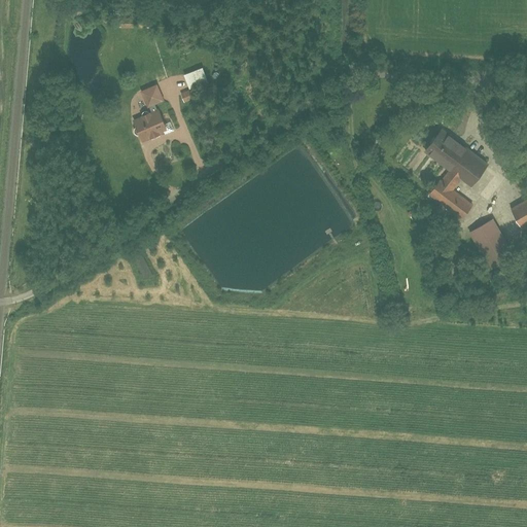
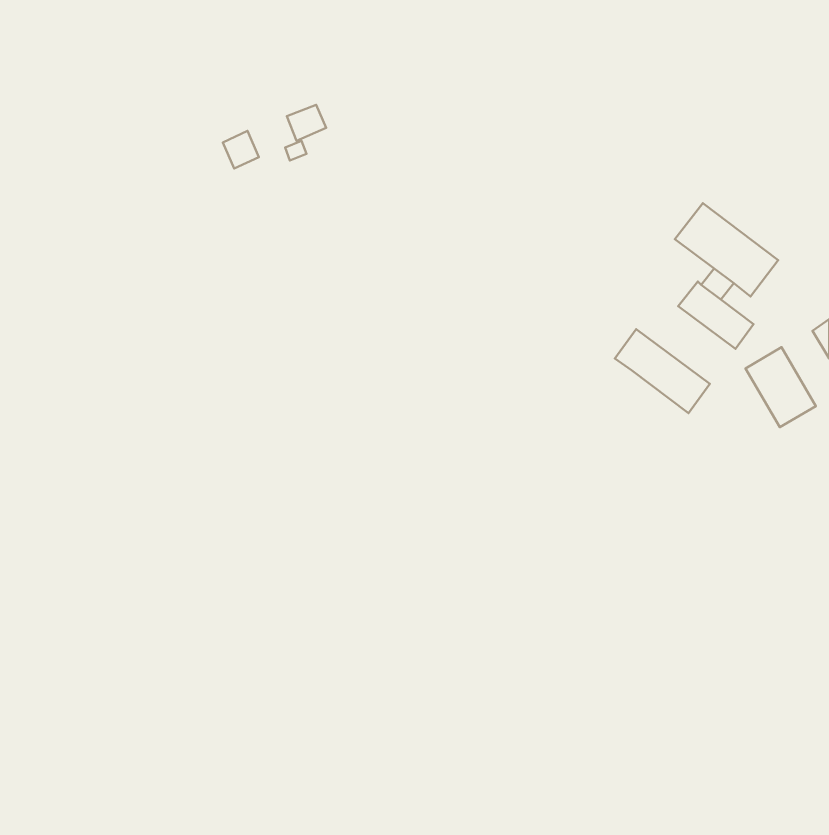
building: [132,110,167,142] -> none
building: none -> [615,329,710,413]

